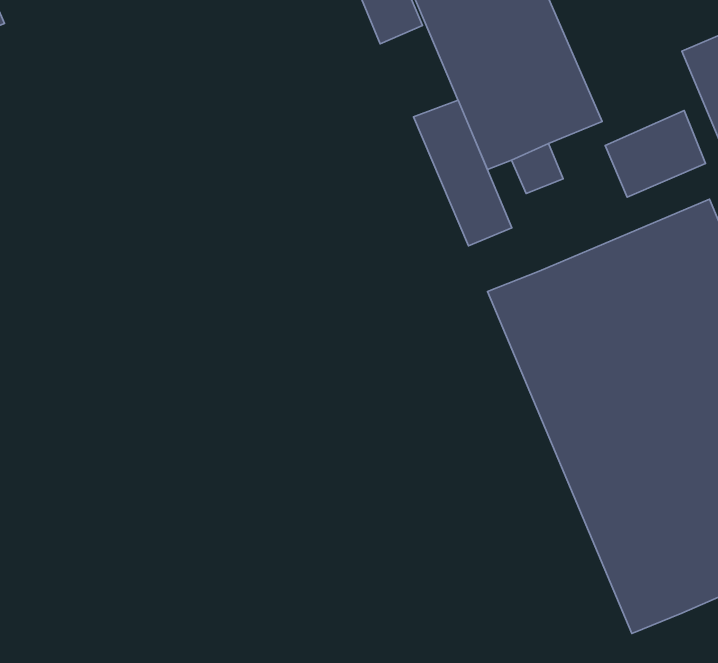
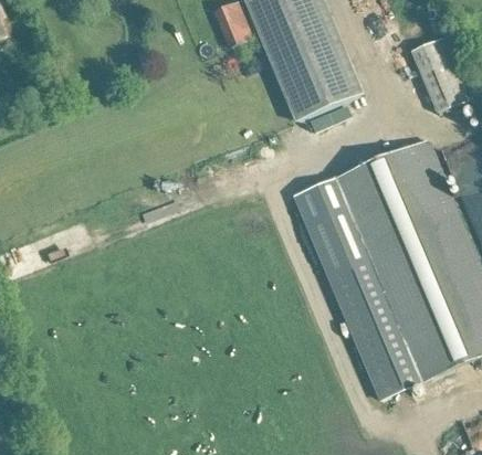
building: [413,100,512,246] -> none
building: [605,111,706,197] -> none

